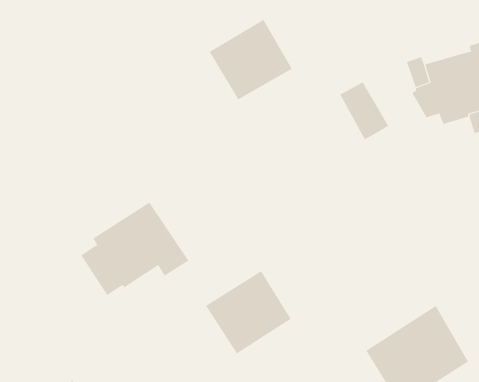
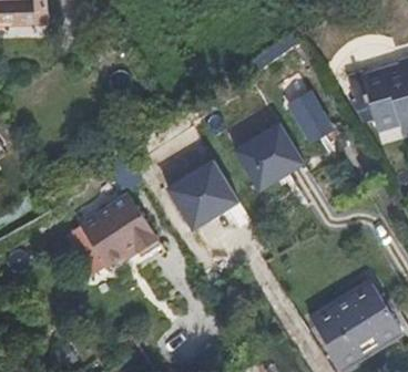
building: [209,19,293,100] -> [232,121,303,189]
building: [205,270,292,354] -> [164,158,237,229]

